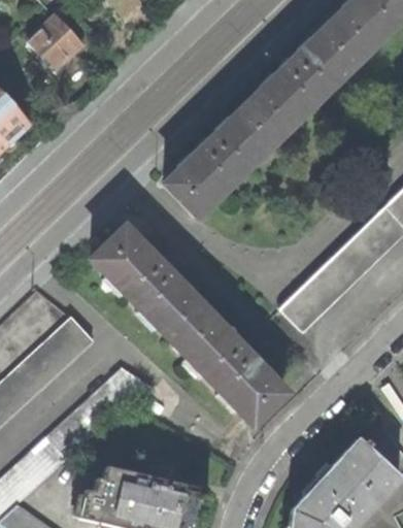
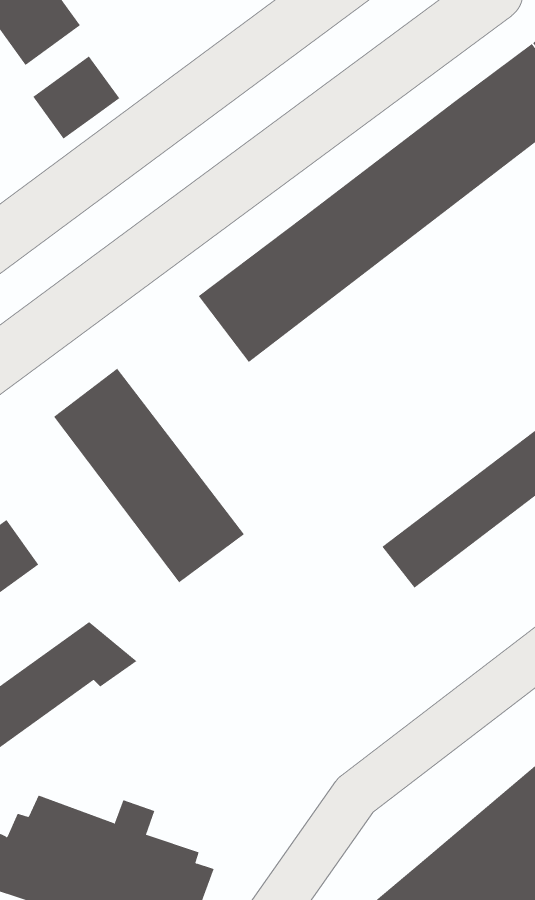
building: none -> [32,55,120,139]
building: [171,310,283,424] -> none

